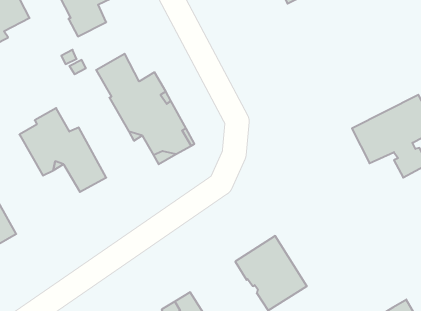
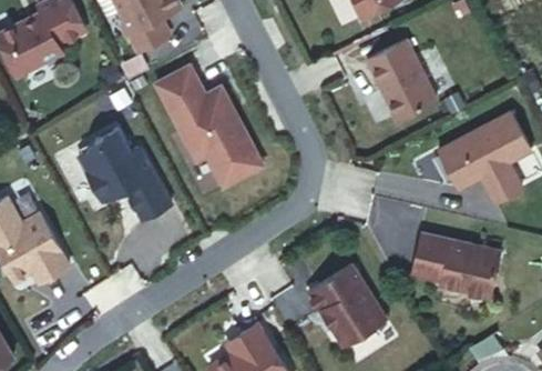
building: none -> [365,39,436,119]
building: none -> [411,232,501,297]

